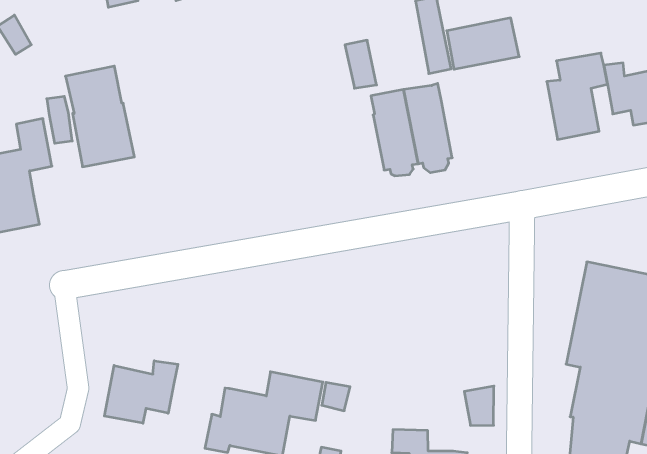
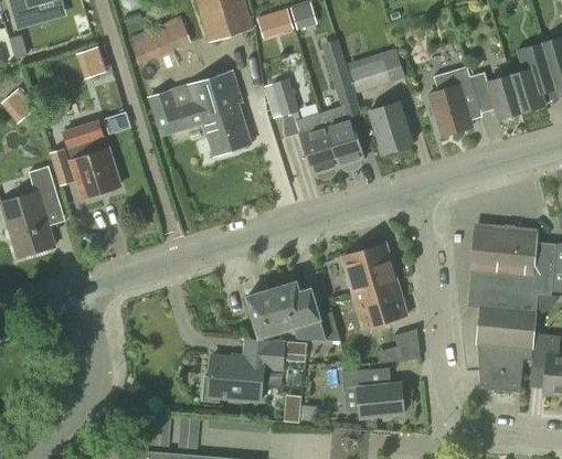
building: none -> [148,71,252,157]
building: none -> [369,102,413,156]
building: none -> [342,244,406,328]
building: none -> [246,281,340,341]
building: [104,361,178,423] -> none

